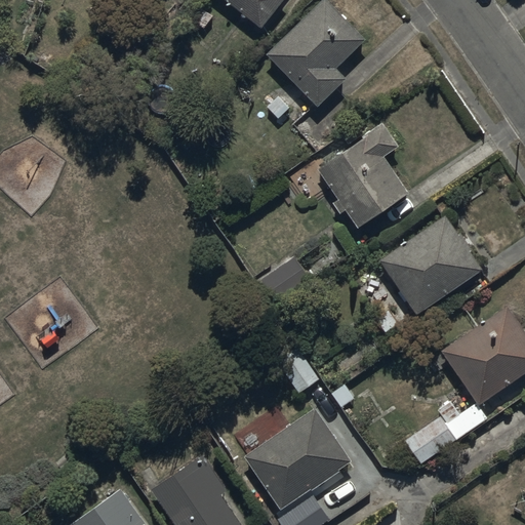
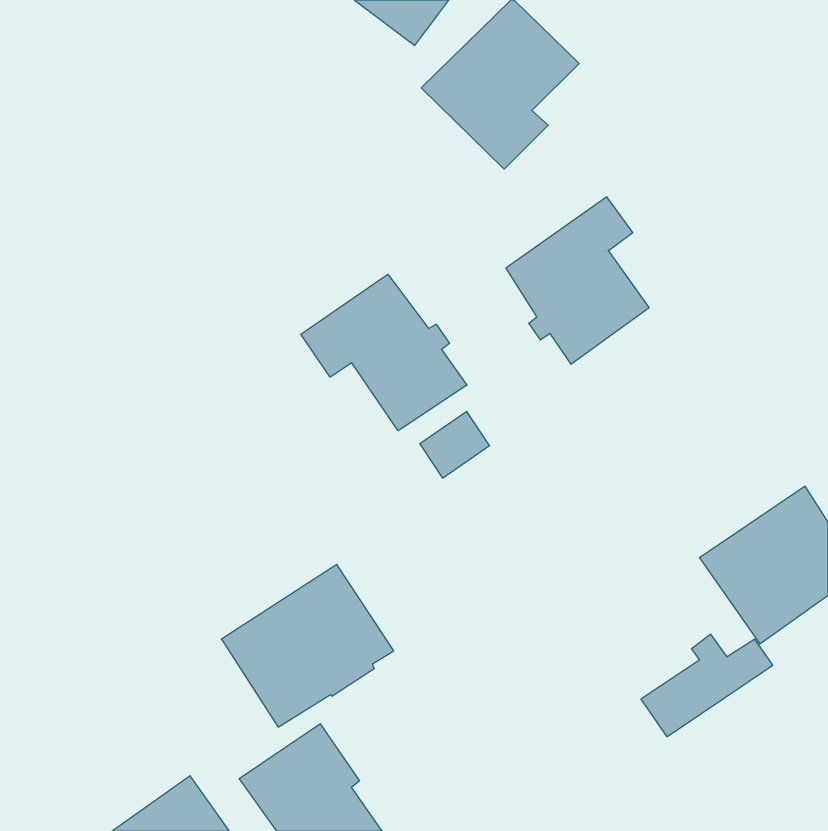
building: none -> [301,274,467,431]
building: [379,216,483,315] -> none
building: [243,408,352,511] -> [221,564,394,727]

